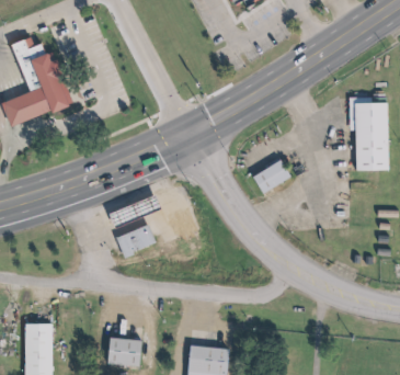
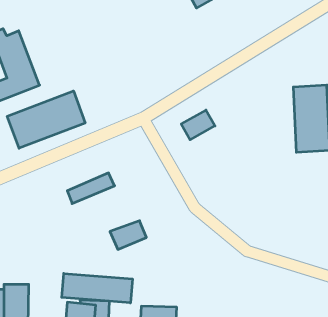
building: none -> [7,91,85,148]
building: [250,162,287,195] -> [181,110,215,140]
building: [113,227,153,259] -> [110,221,146,249]
building: none -> [62,273,132,303]

